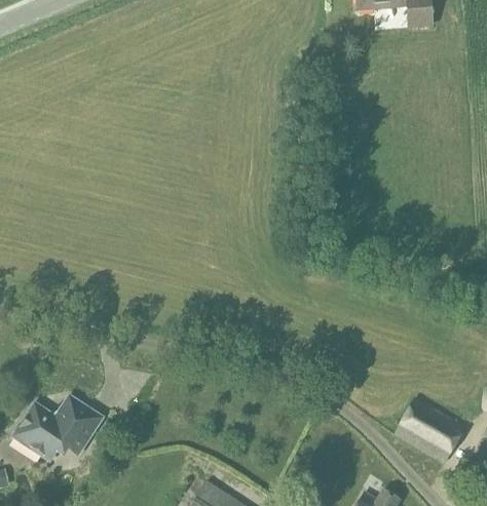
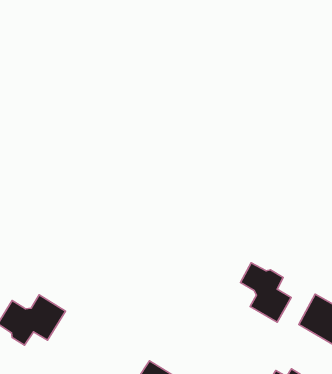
building: none -> [240,263,291,322]

